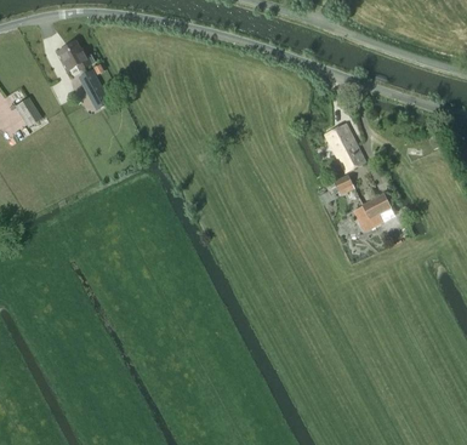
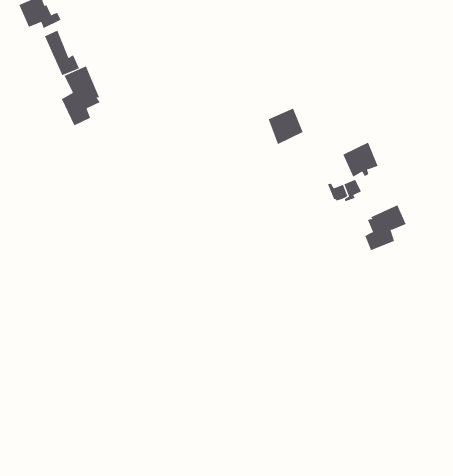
building: none -> [61,66,100,126]
building: [325,122,355,154] -> [268,108,304,145]

